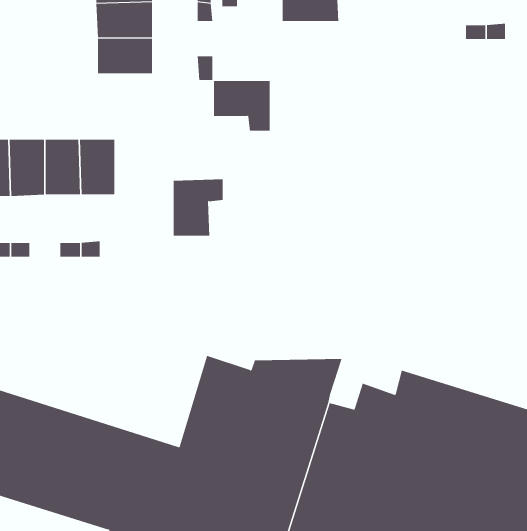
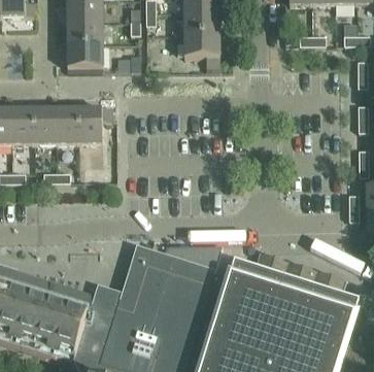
building: [213,80,270,131] -> [183,34,219,66]
building: [173,179,223,236] -> [78,107,110,143]

